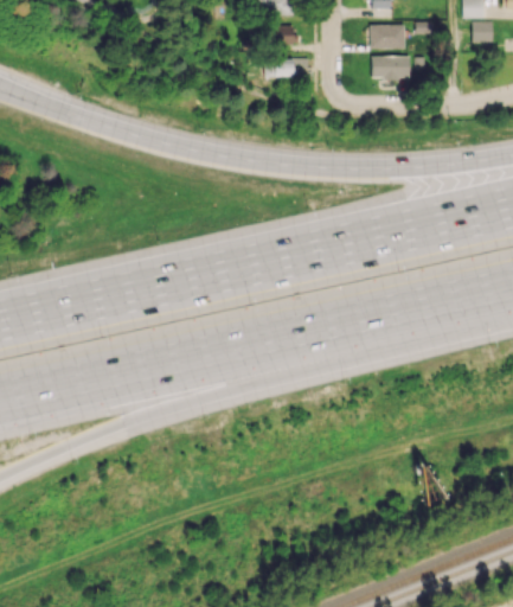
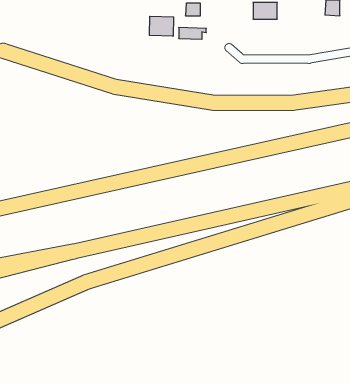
building: none -> [149,16,174,36]
building: [372,56,410,79] -> none

